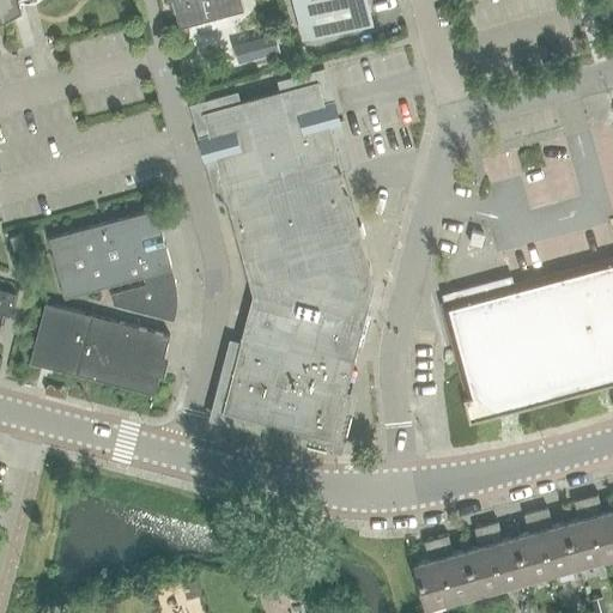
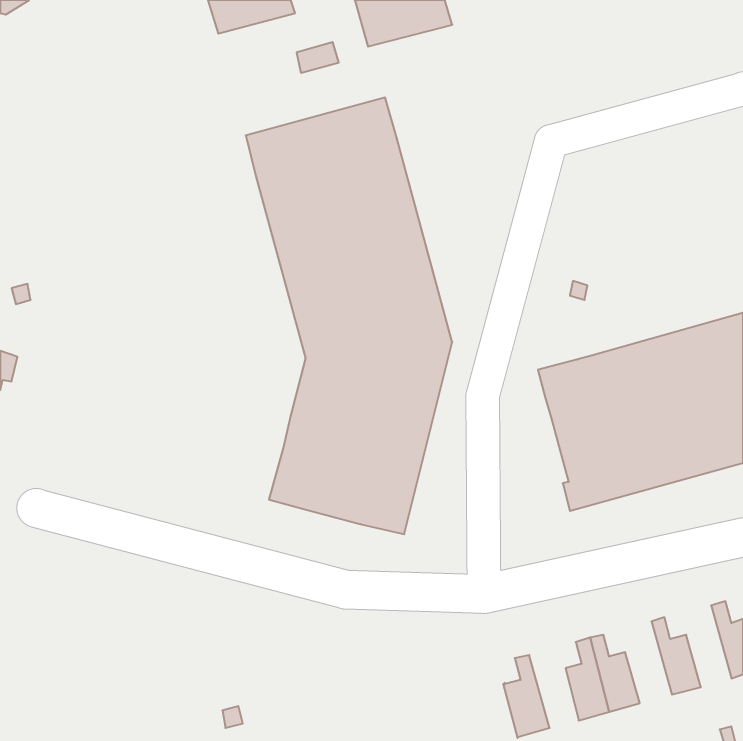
building: [49,211,177,321] -> none
building: [29,304,170,396] -> none
building: [565,500,602,568] -> none
building: [515,514,553,581] -> none
building: [436,538,477,601] -> none

